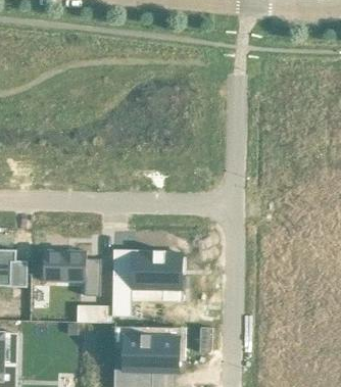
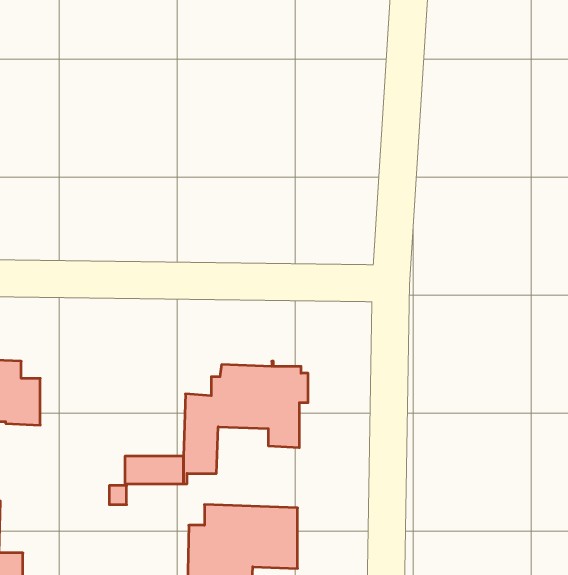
building: [42,249,99,295] -> none

